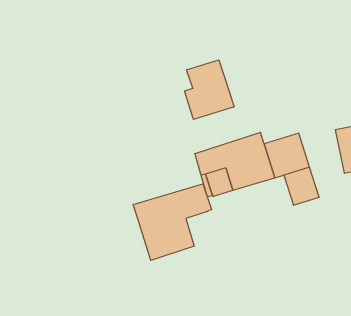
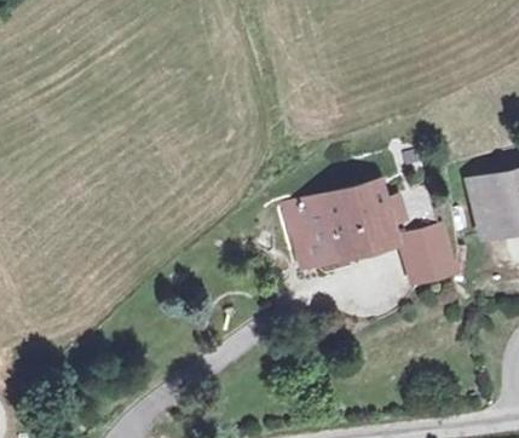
building: [185,60,234,119] -> none
building: [133,184,212,260] -> none

